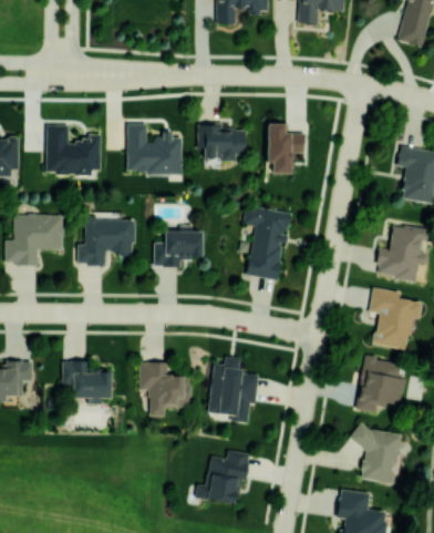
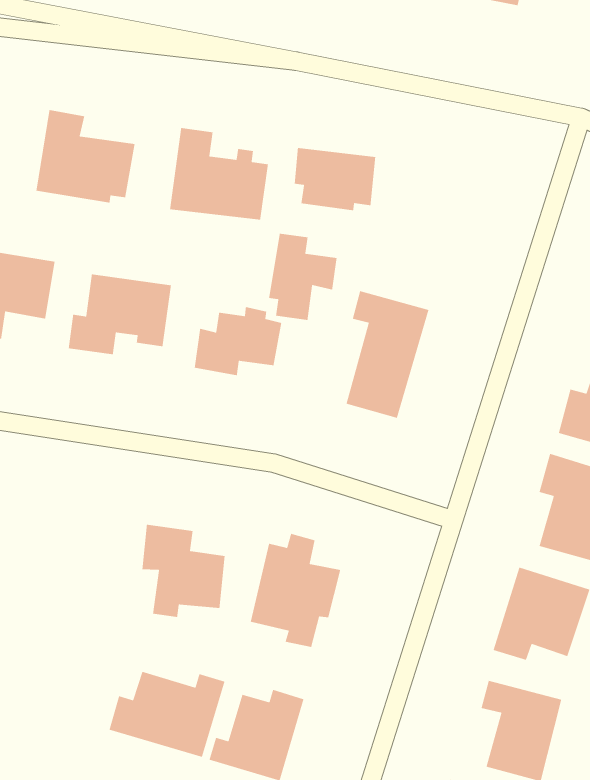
building: [266,123,303,173] -> [268,233,337,321]
building: [62,361,111,404] -> none
building: none -> [109,671,225,758]

